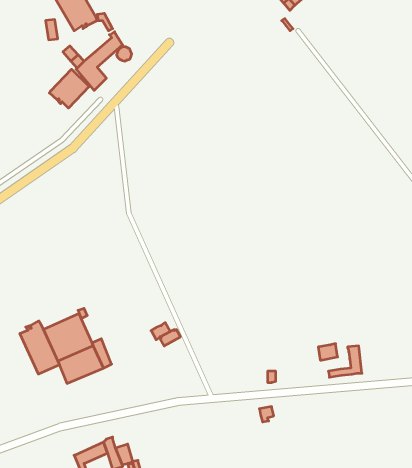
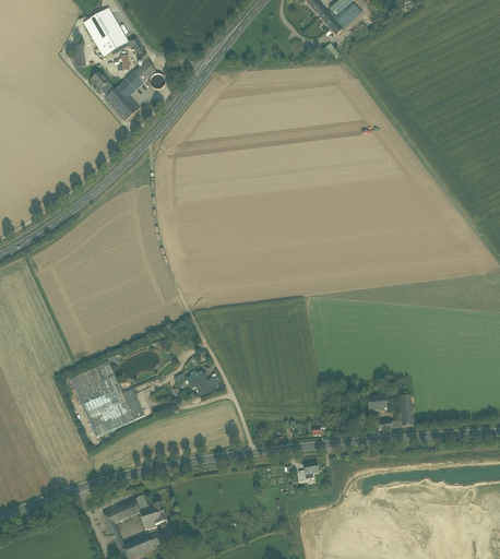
building: [49,69,89,108] -> none
building: [20,321,59,374] -> none

